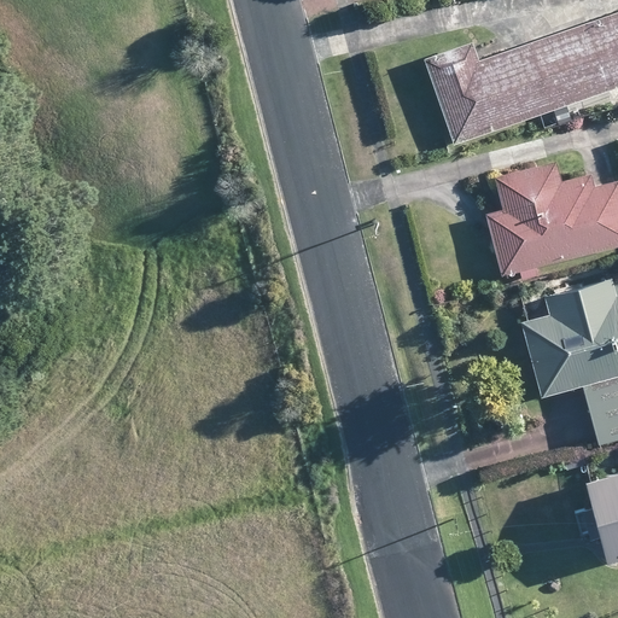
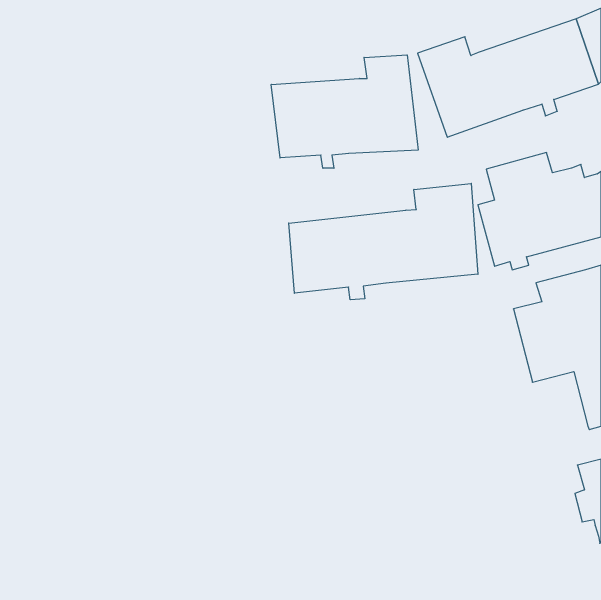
building: none -> [271,55,418,168]
building: none -> [289,183,478,300]

